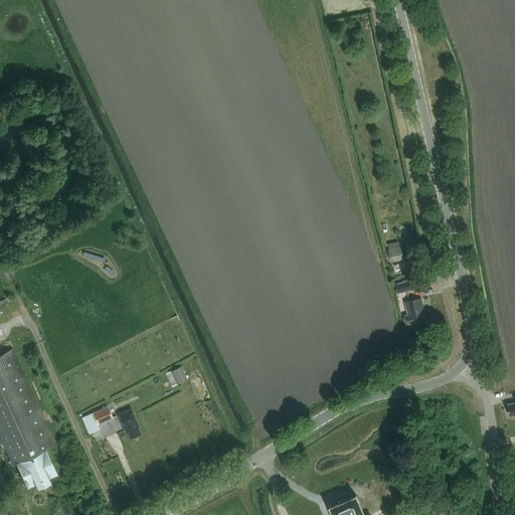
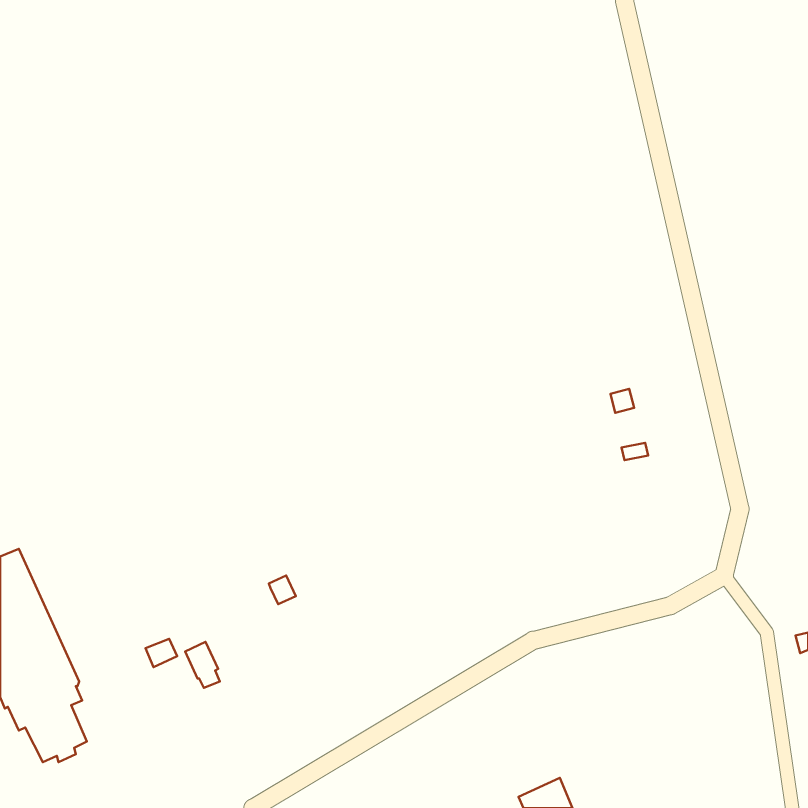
building: [404,299,426,325] -> none

